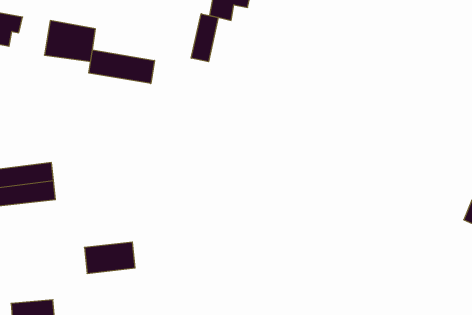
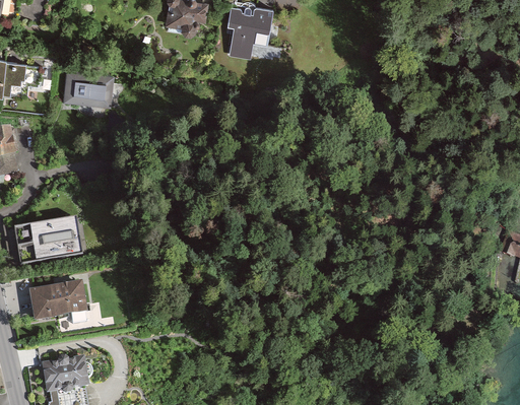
building: [191,14,218,62] -> none
building: [89,50,154,84] -> none
building: [84,242,135,273] -> [31,281,84,316]

